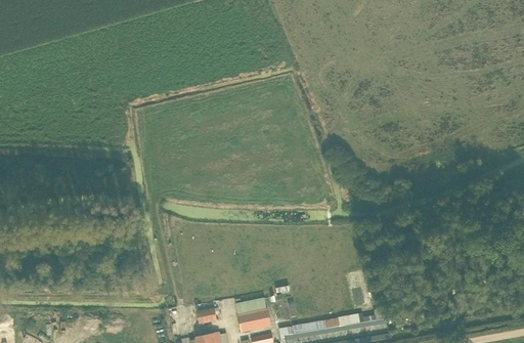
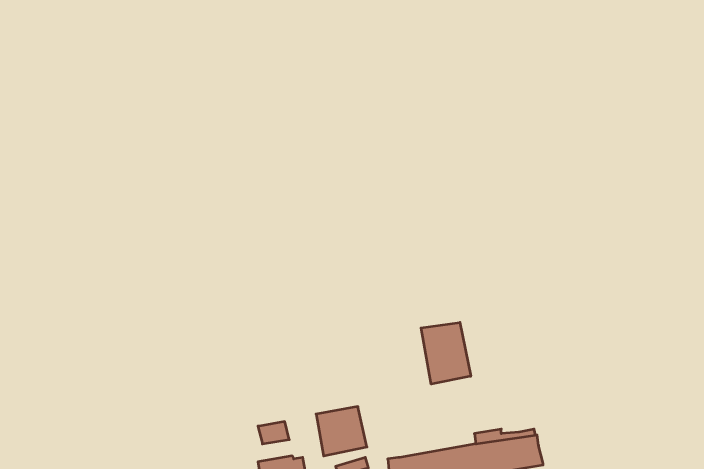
building: none -> [421,322,471,384]

